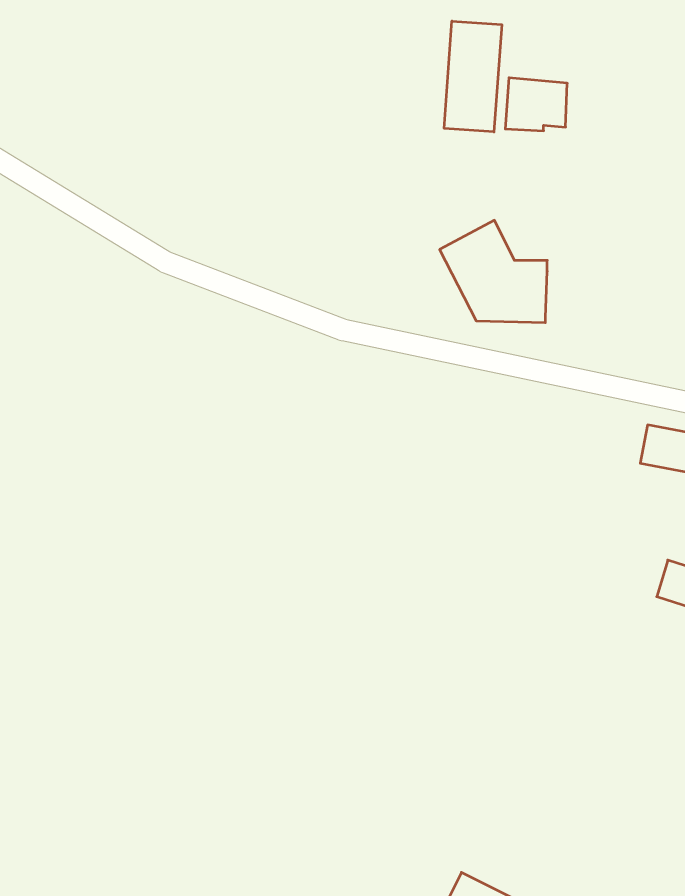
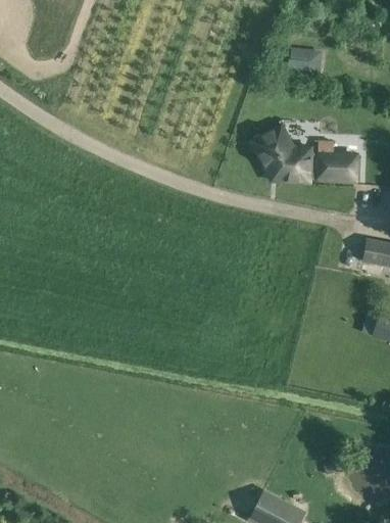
building: [444,21,502,132] -> none
building: none -> [309,141,356,181]

